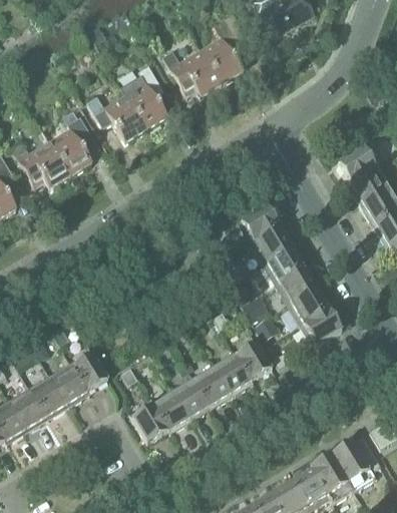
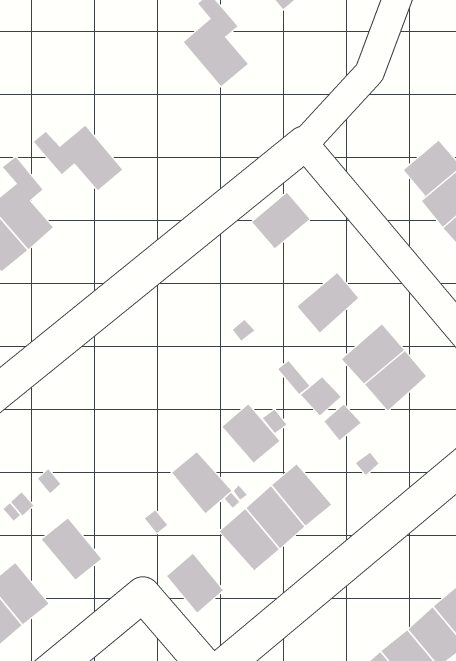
building: [162,49,222,96] -> none
building: [119,64,167,130] -> none
building: [237,205,282,243] -> [251,192,315,249]
building: [263,244,307,285] -> none
building: [301,308,342,346] -> none
building: [233,339,272,384] -> [222,404,281,468]
building: [69,351,107,396] -> none
building: [28,376,67,421] -> none
building: [151,390,191,434] -> [171,451,232,514]

